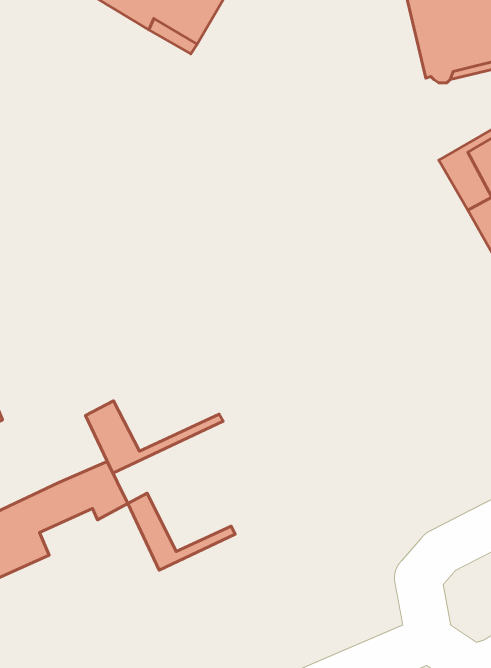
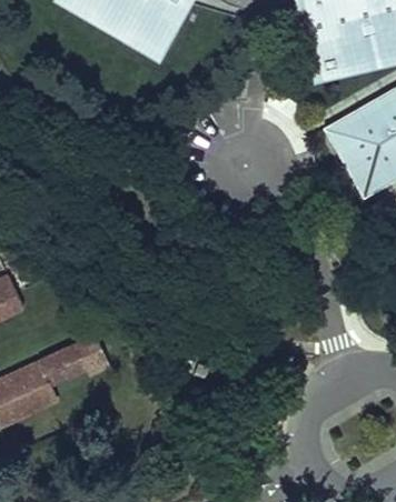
building: [86,401,223,473] -> none
building: [128,493,235,570] -> none

